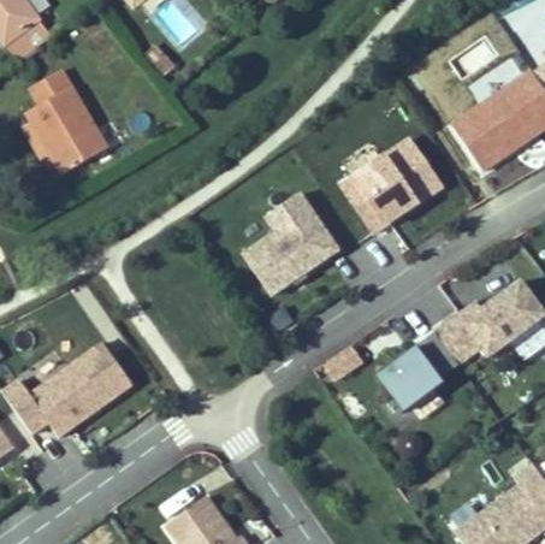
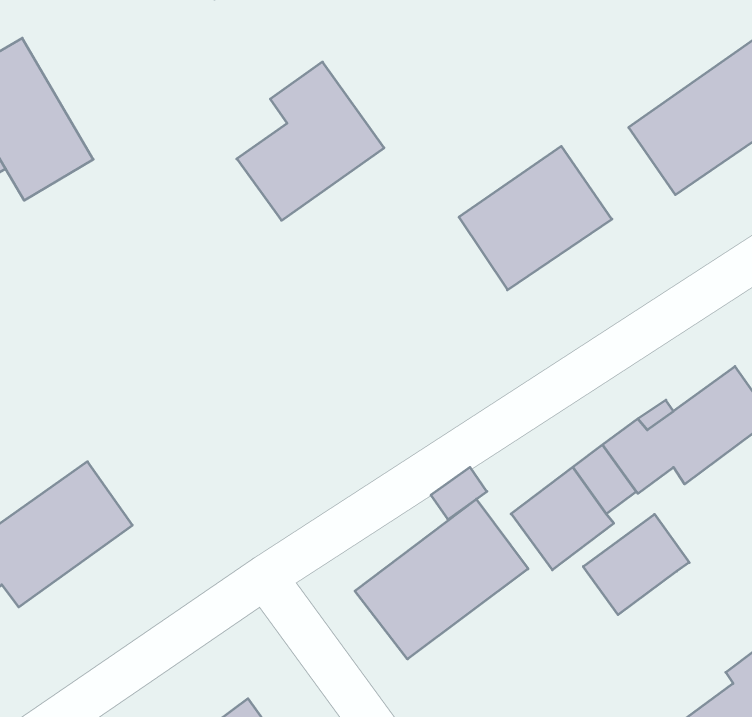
building: [242,191,337,294] -> [237,62,384,220]
building: none -> [355,499,528,659]
building: none -> [583,514,689,615]

